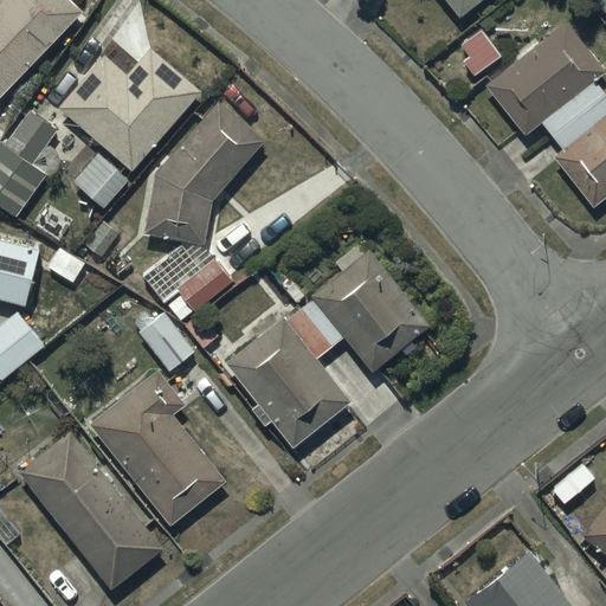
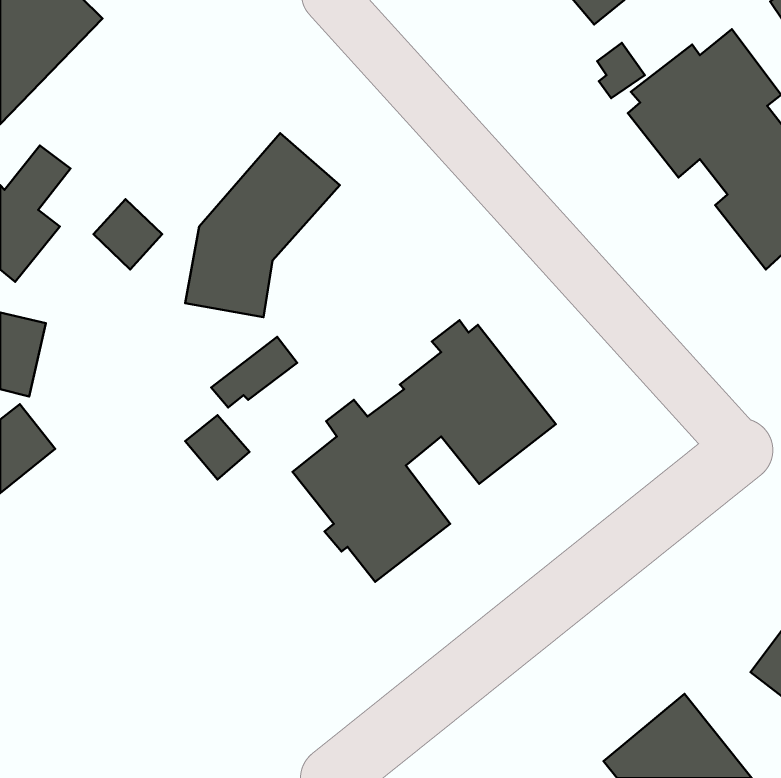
building: [59,50,201,173] -> none
building: [90,372,225,527] -> none
building: [18,432,162,591] -> none

